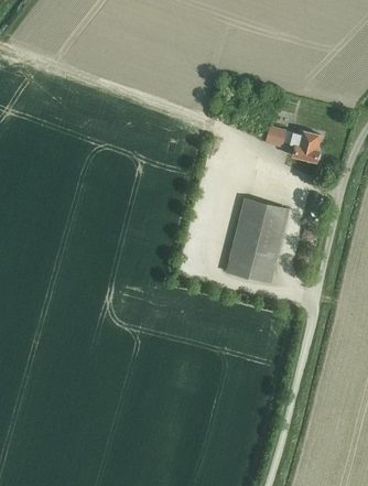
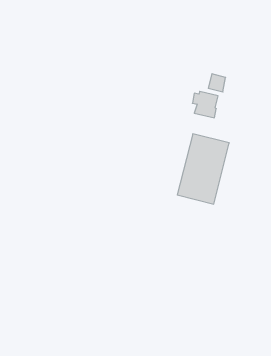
building: [290,130,321,162] -> [192,91,218,118]

